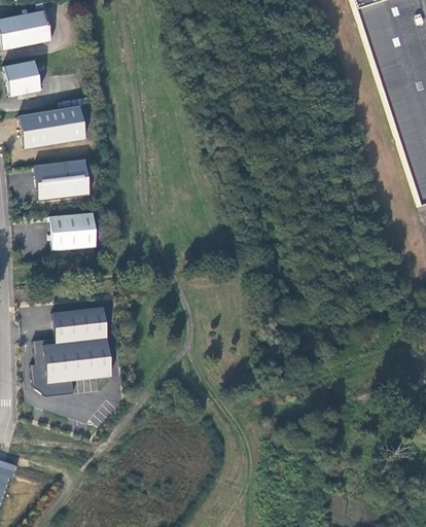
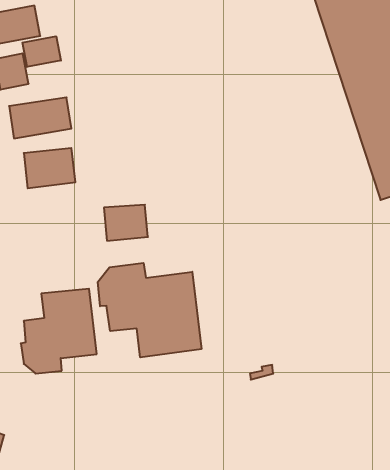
building: none -> [22,36,61,67]
building: [51,212,98,250] -> [104,205,148,241]
building: none -> [98,263,201,357]

